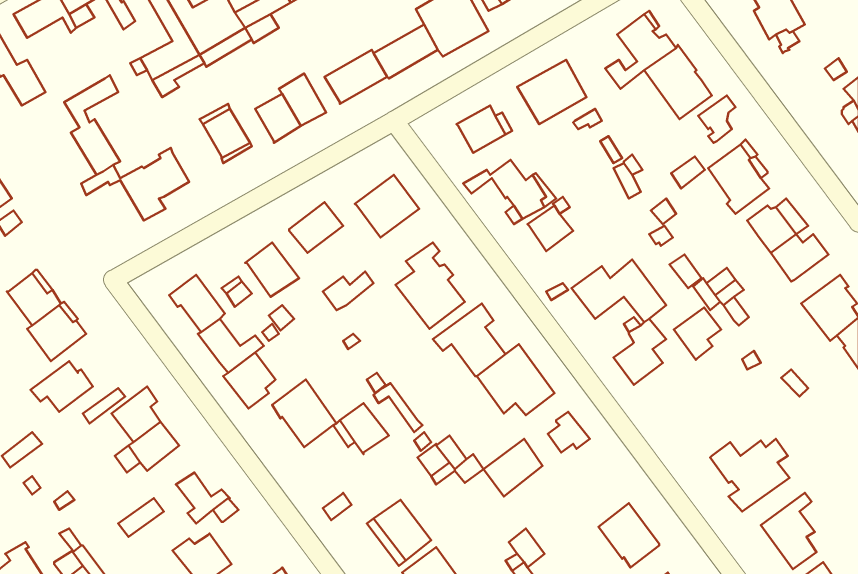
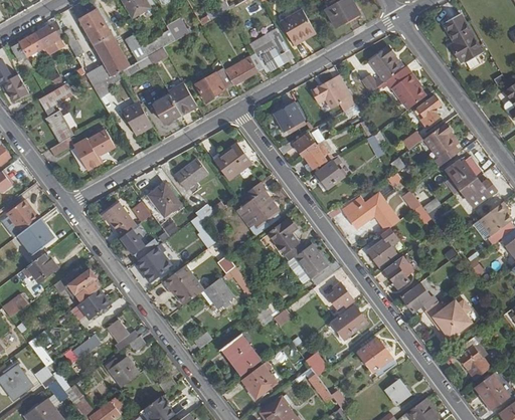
building: [674,307,721,360] -> [384,256,412,287]
building: none -> [400,281,438,311]
building: [483,439,543,496] -> [331,305,366,340]

